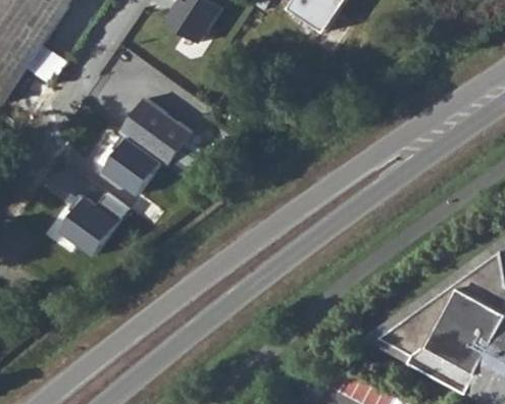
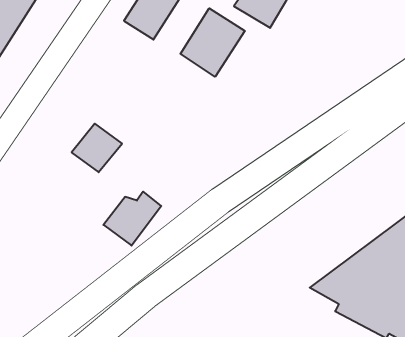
building: none -> [180,8,245,77]
building: [119,102,186,166] -> none
building: [63,197,129,258] -> [103,192,161,246]

